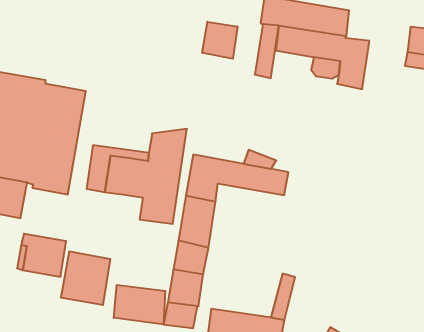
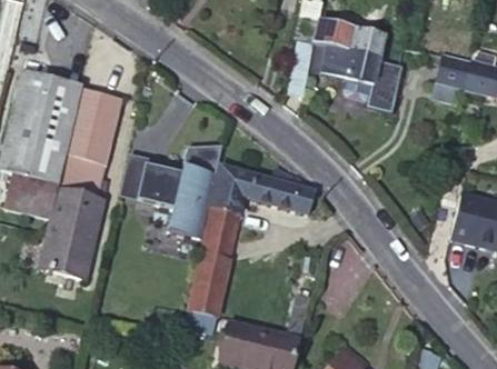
building: [202,22,237,59] -> none
building: [61,252,110,305] -> [51,189,102,243]
building: [114,285,165,324] -> none

